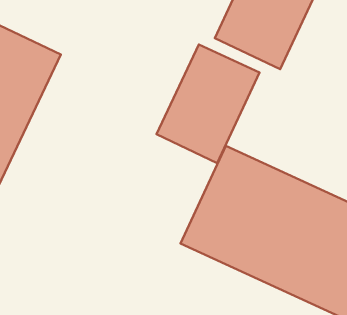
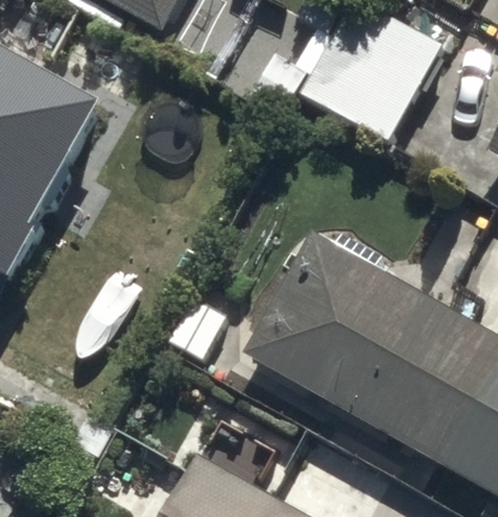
building: [157,45,260,163] -> none

